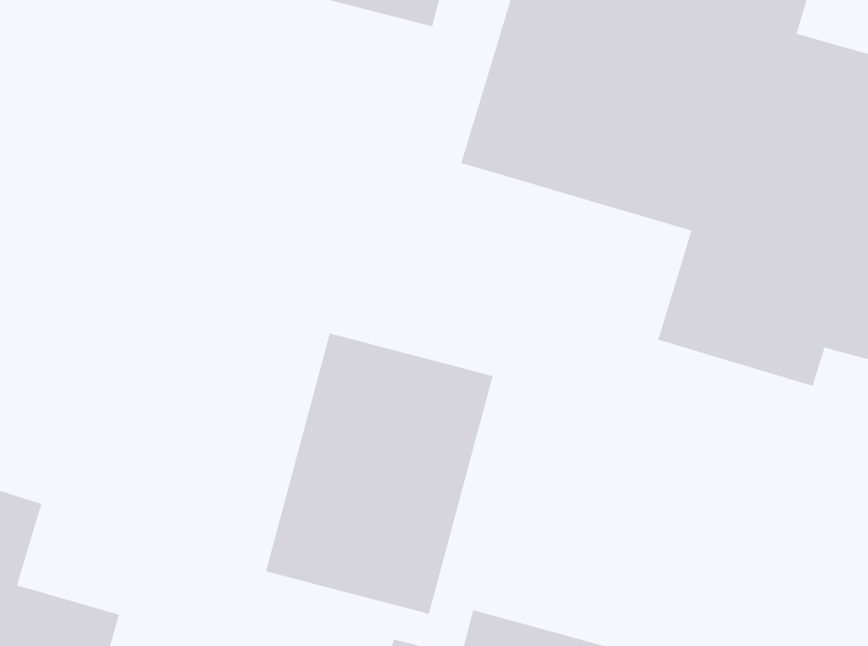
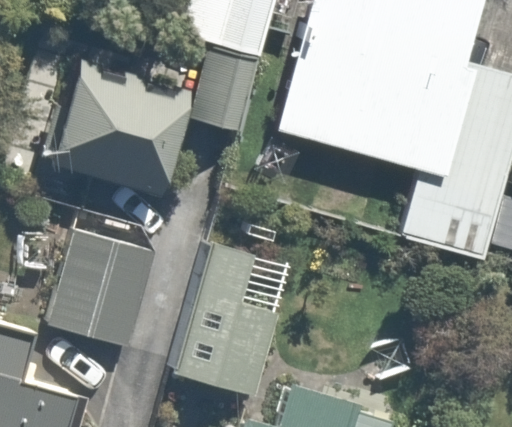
building: none -> [39,62,199,196]
building: none -> [44,213,170,342]

